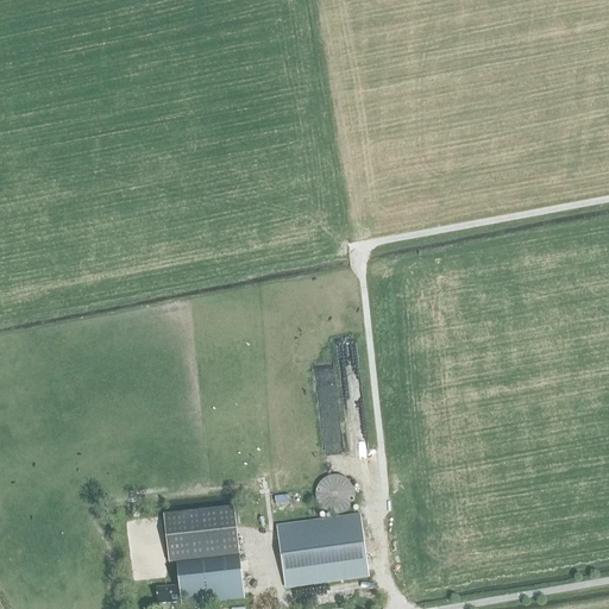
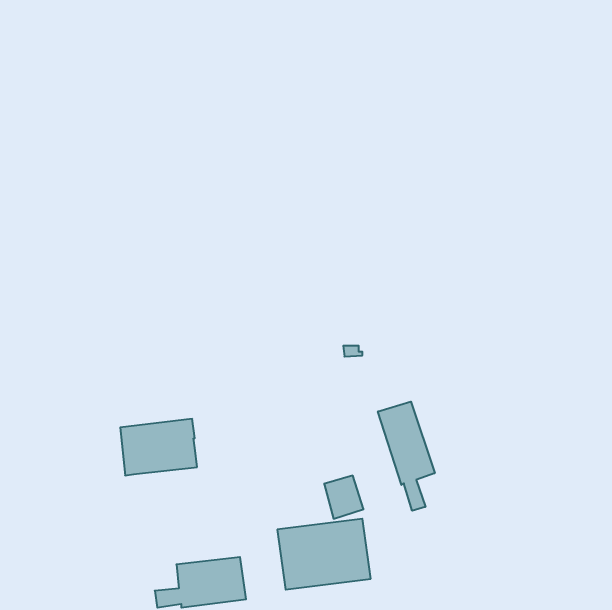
building: none -> [378,402,435,511]
building: [162,504,238,560] -> [120,419,197,475]

